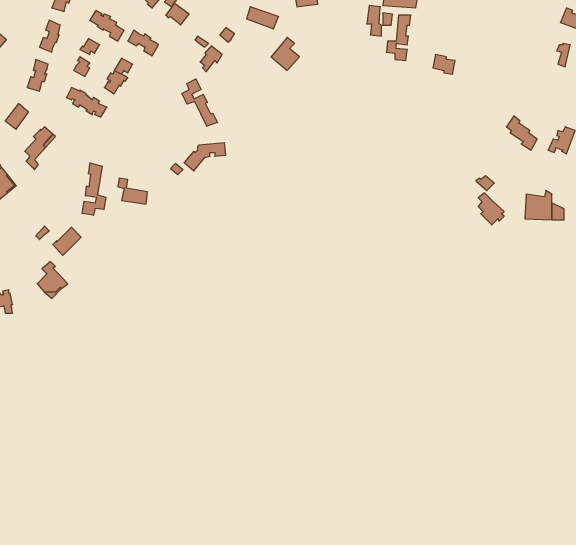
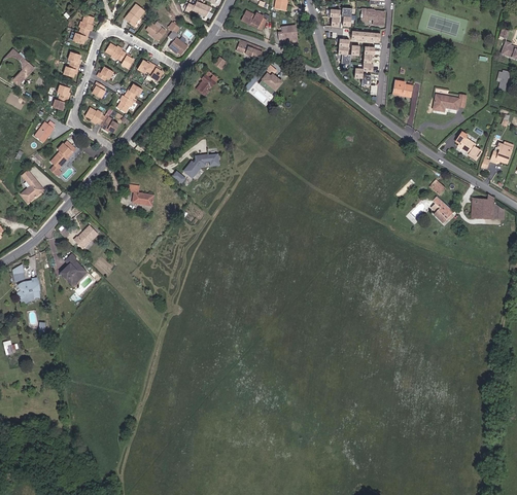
building: none -> [434,95,467,111]
building: [182,79,218,126] -> none
building: [82,163,106,215] -> none

